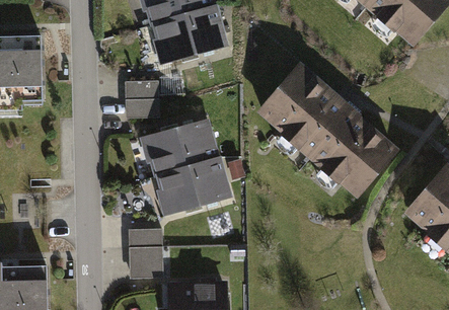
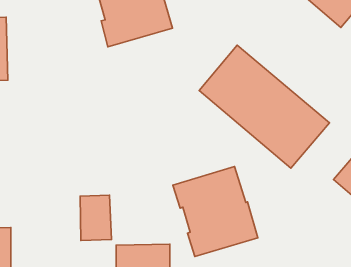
building: [124,80,157,118] -> none
building: [138,117,231,215] -> [173,167,258,256]

